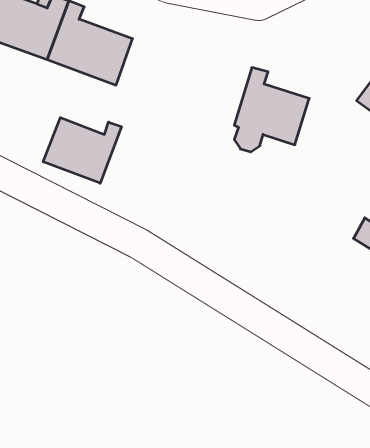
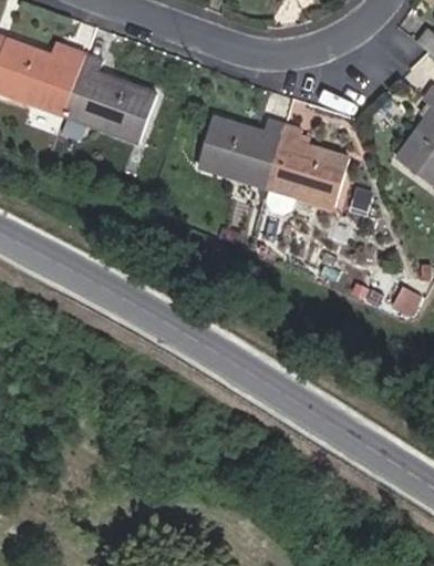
building: none -> [199,116,283,185]
building: [43,118,121,183] -> none

